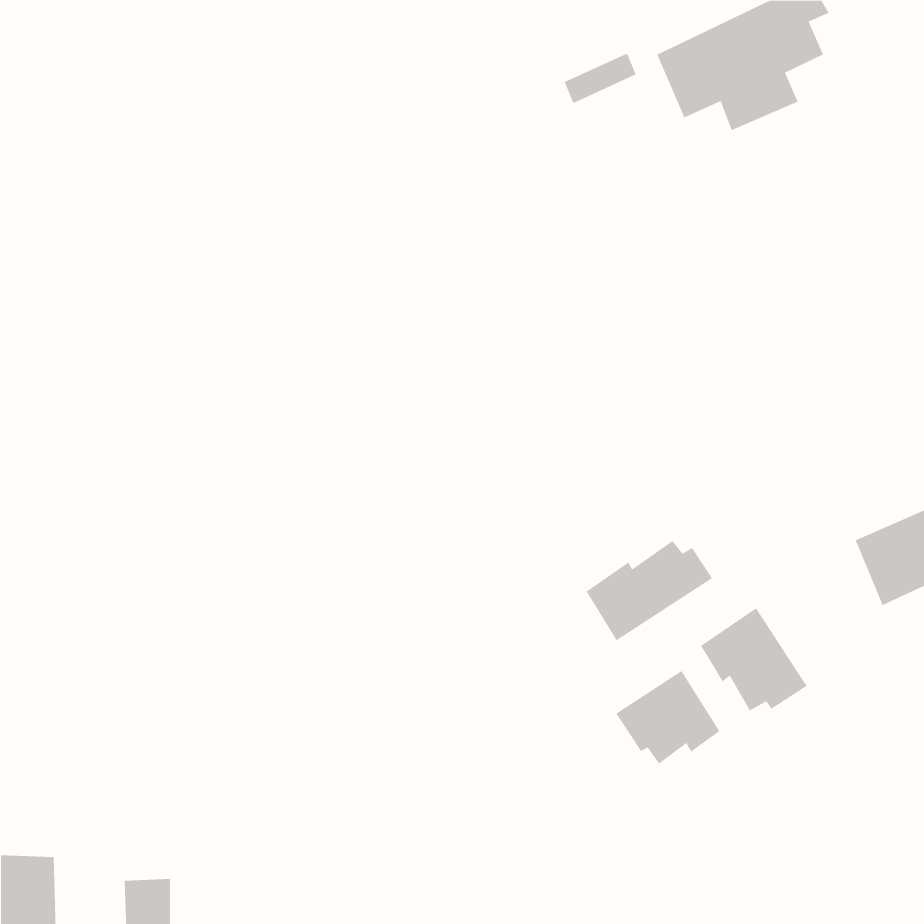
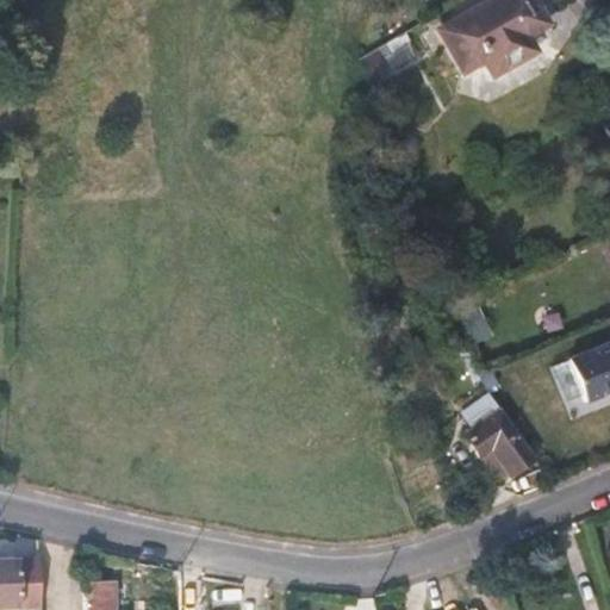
building: [586,540,713,641] -> none
building: [616,670,720,764] -> none

